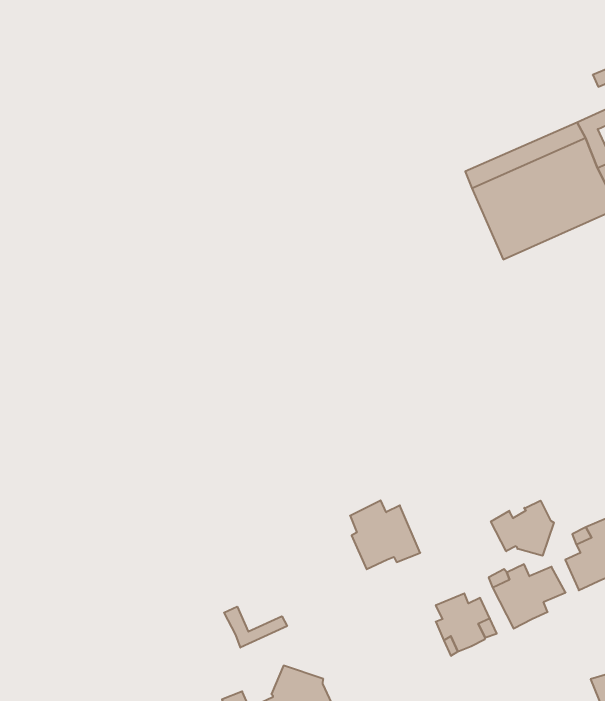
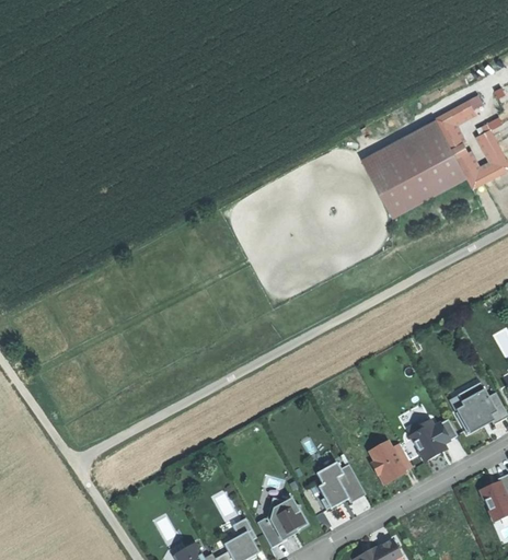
building: [350,500,420,569] -> [315,462,365,509]
building: [491,501,554,556] -> none
building: [224,607,287,648] -> none

